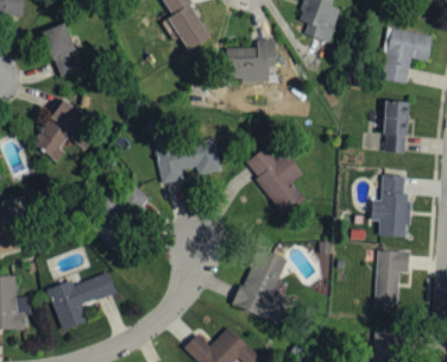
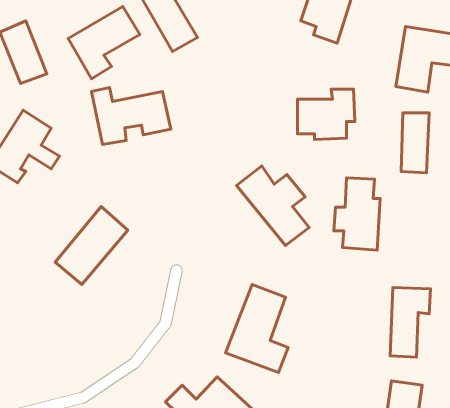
building: none -> [68,6,140,79]
building: [227,39,276,82] -> [298,89,355,140]
building: [153,135,221,183] -> [91,87,171,145]
building: [371,175,410,237] -> [334,178,380,250]
building: [48,272,115,330] -> none

